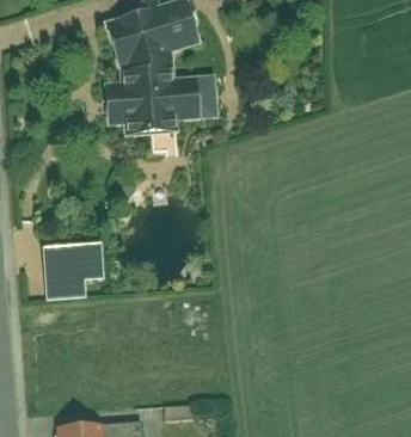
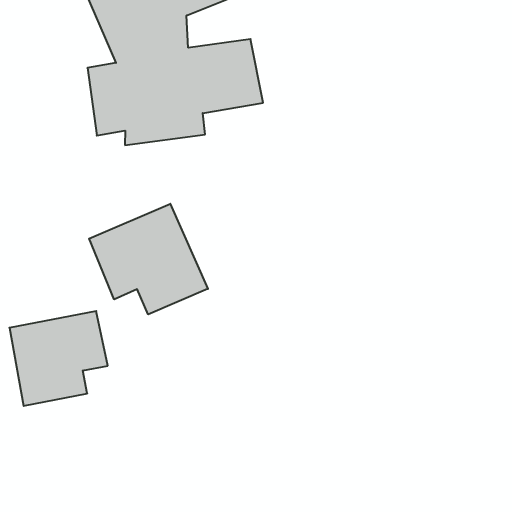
building: none -> [89,204,208,314]

